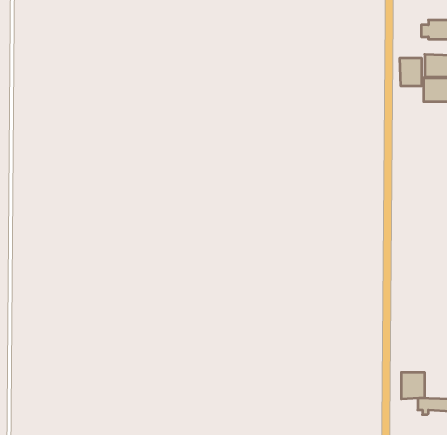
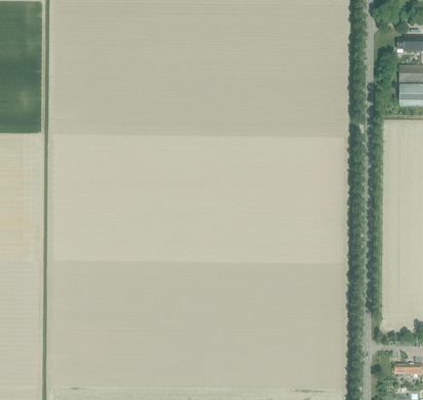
building: [400,58,421,86] -> none
building: [401,372,424,399] -> none

